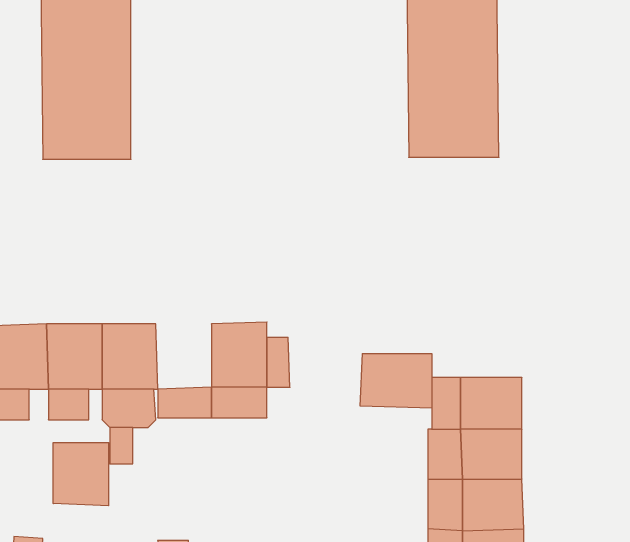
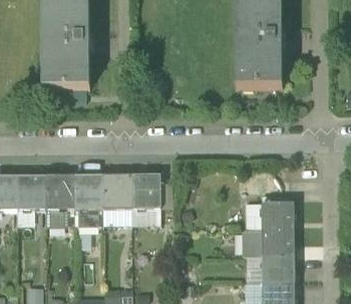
building: none -> [101,174,130,208]
building: [360,354,432,408] -> none
building: [53,443,109,506] -> none

